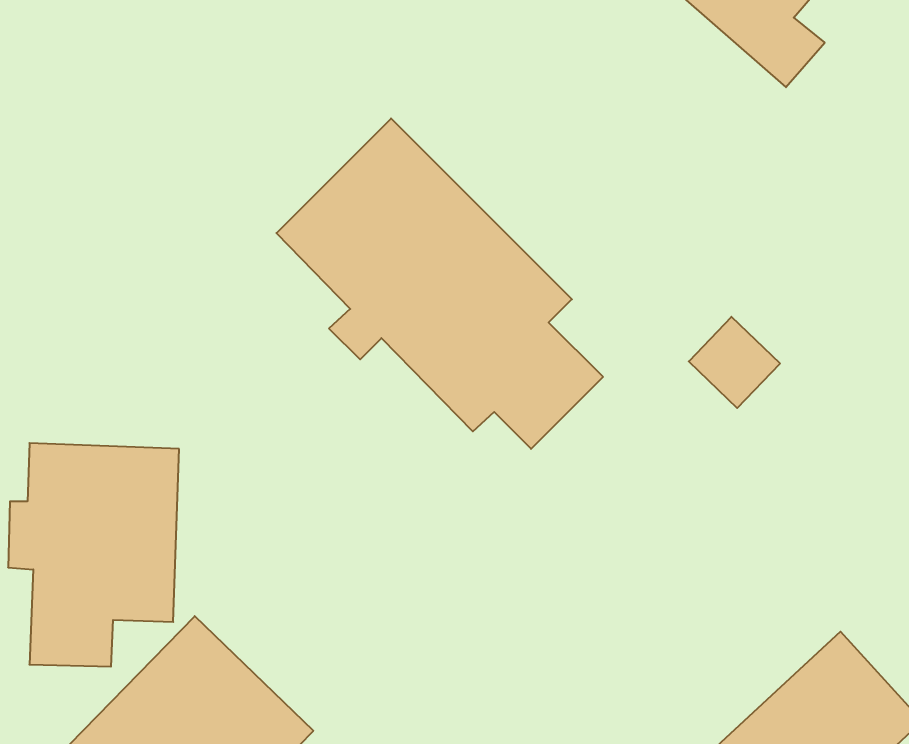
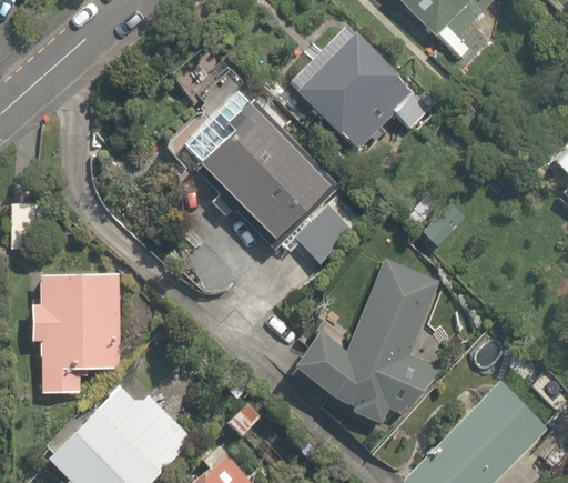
building: none -> [296,33,417,154]
building: none -> [294,253,448,426]

